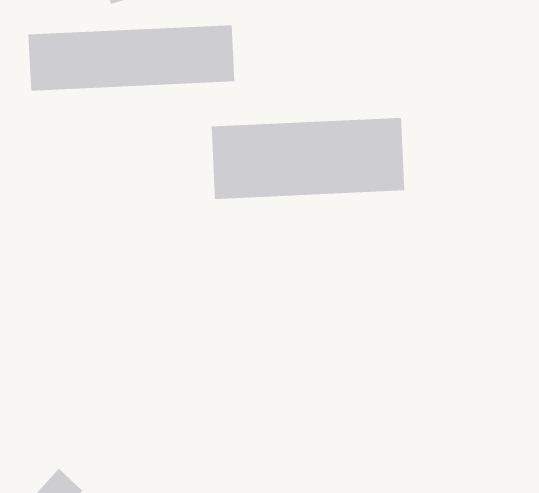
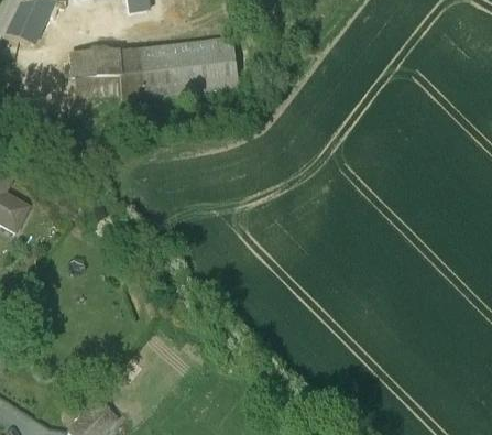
building: [211,117,405,200] -> none

